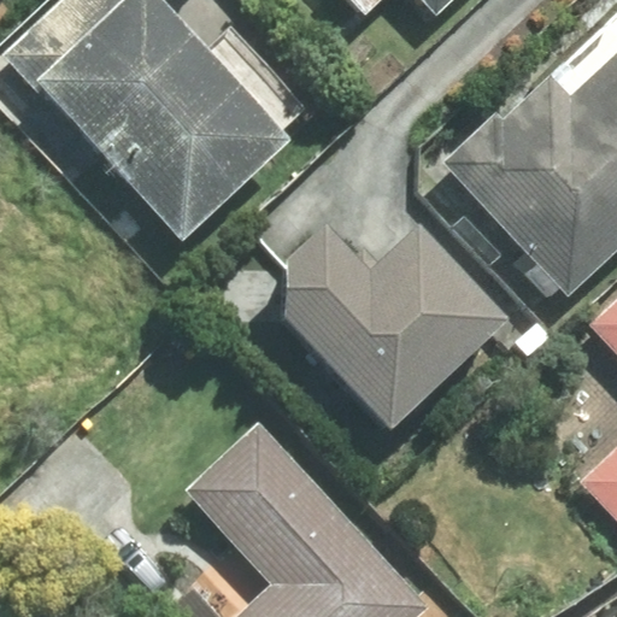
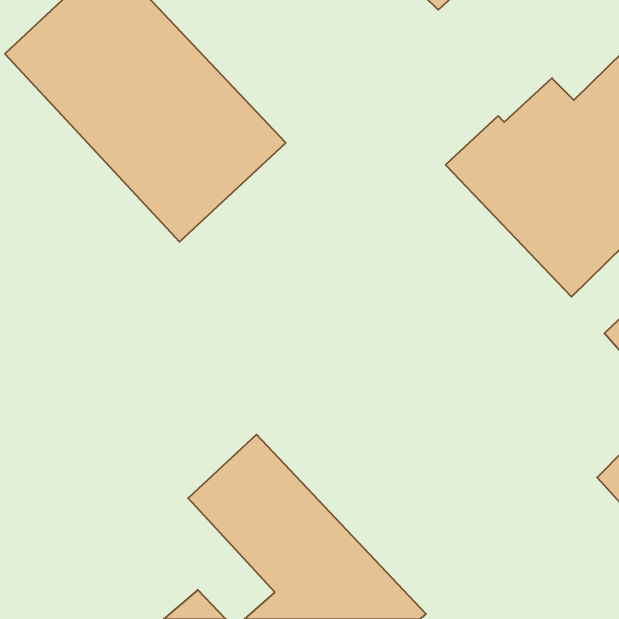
building: [286,227,504,429] -> none

